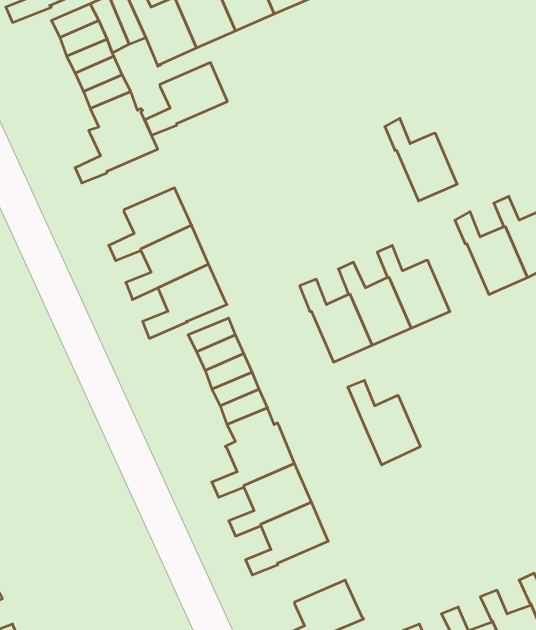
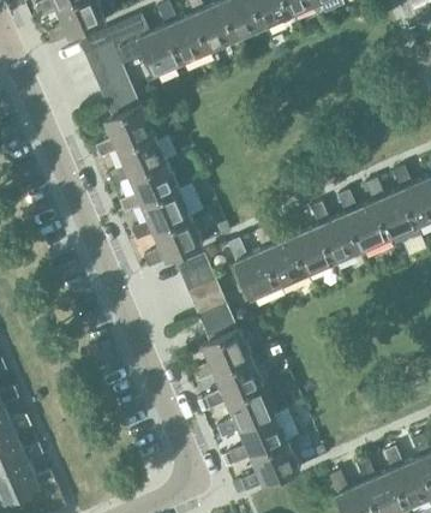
building: [145,63,227,135] -> [107,135,166,186]
building: [385,118,457,201] -> [337,191,389,250]
building: [348,380,420,465] -> [227,239,279,299]
building: none -> [228,413,287,465]

